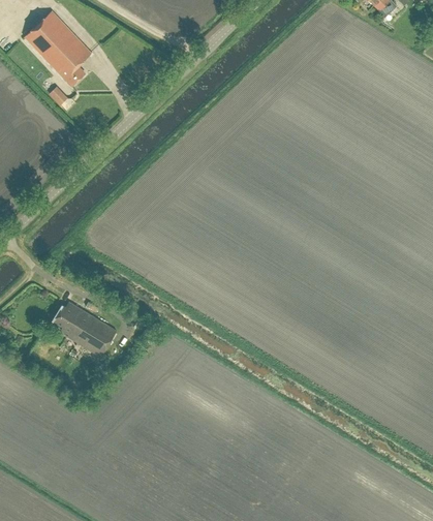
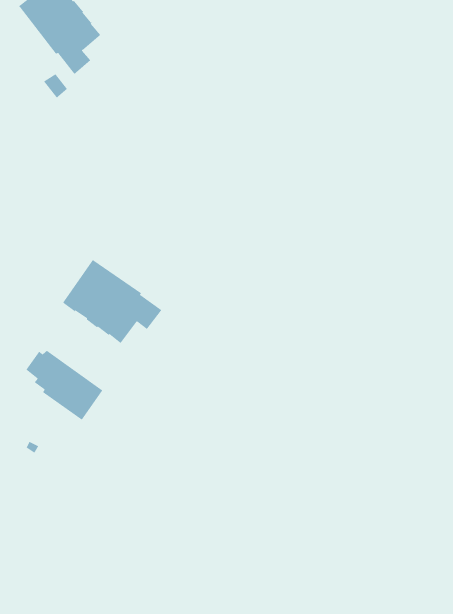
building: none -> [61,258,162,344]

